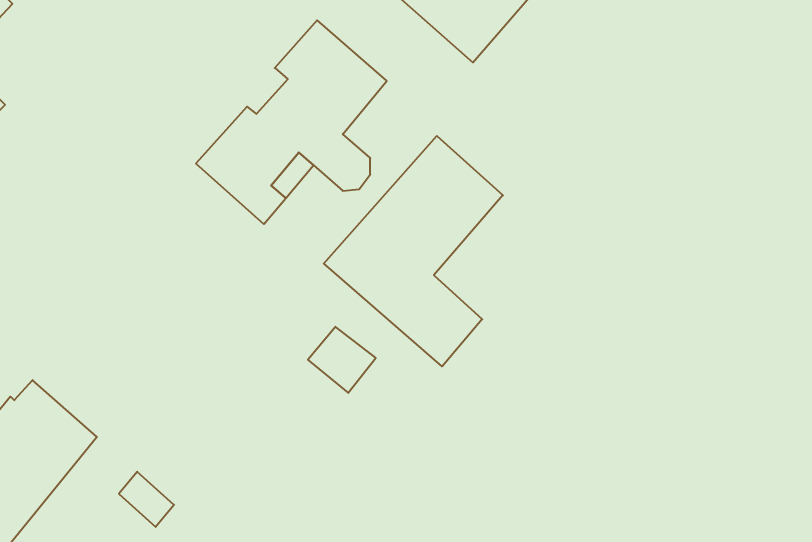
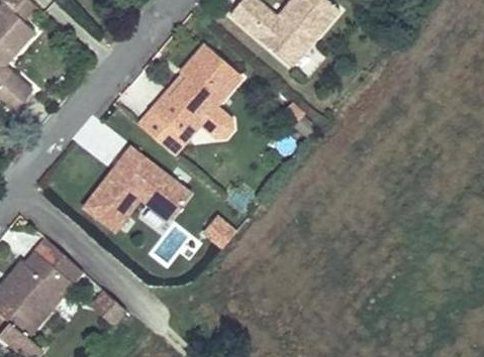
building: [324,136,503,366] -> none
building: none -> [85,147,190,228]

